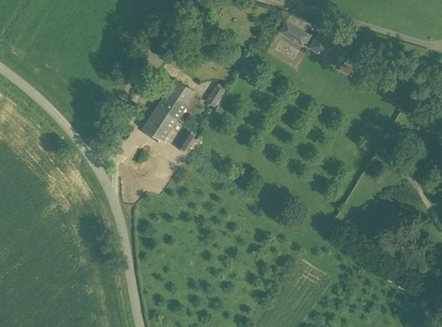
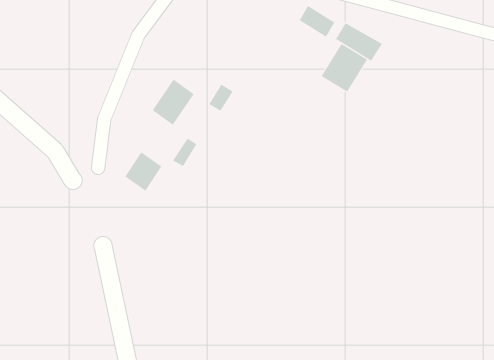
building: none -> [321,43,368,92]
building: [144,106,175,139] -> [125,151,162,192]

